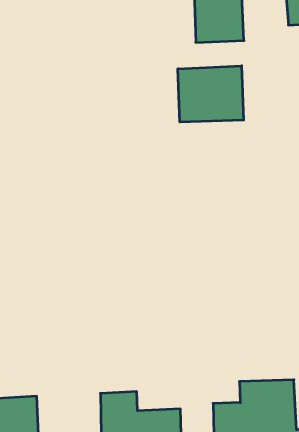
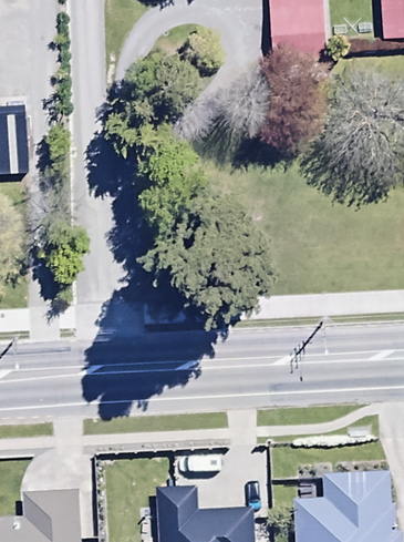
building: [178,66,244,122] -> none

